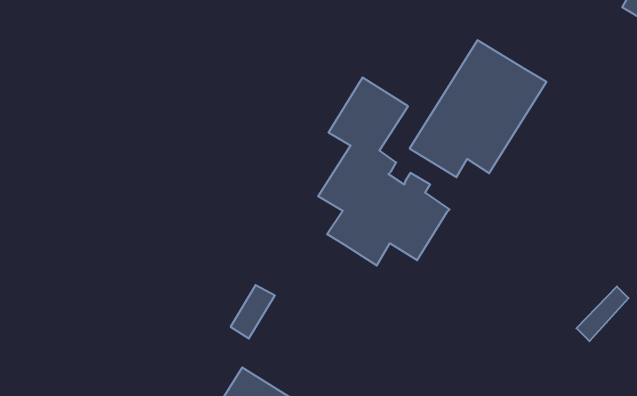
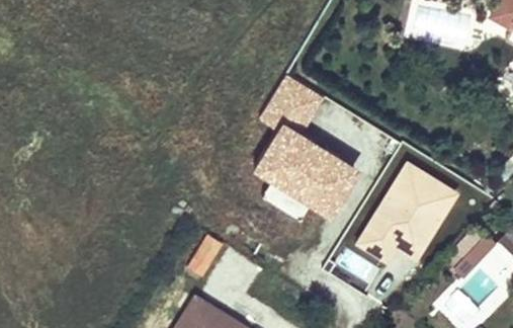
building: [410,40,547,177] -> [354,159,460,265]

